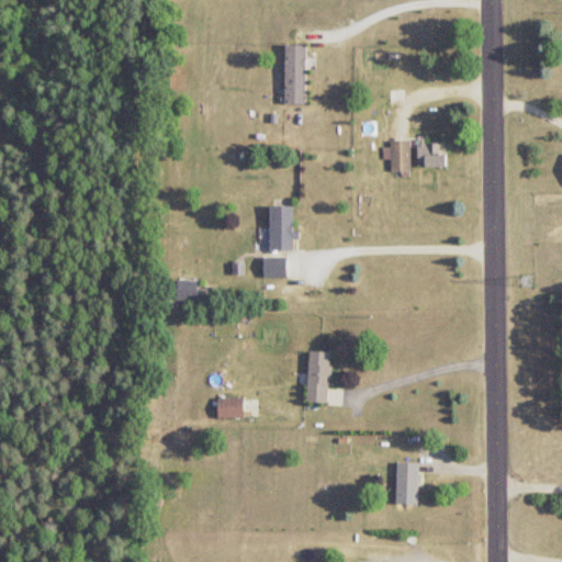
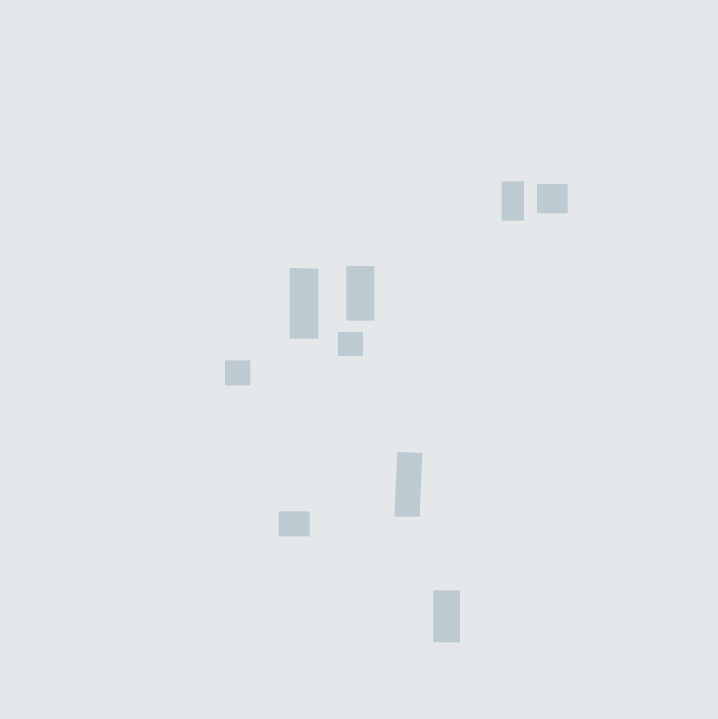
building: [283,45,305,104] -> none
building: none -> [289,267,319,339]
building: [395,463,417,505] -> [433,589,461,643]

